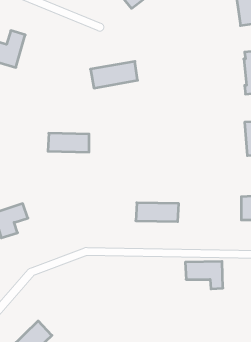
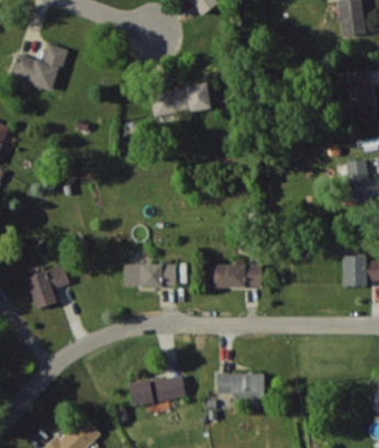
building: [48,133,89,152] -> [123,262,176,287]
building: [185,261,223,289] -> [216,372,265,407]
building: none -> [129,373,186,405]

